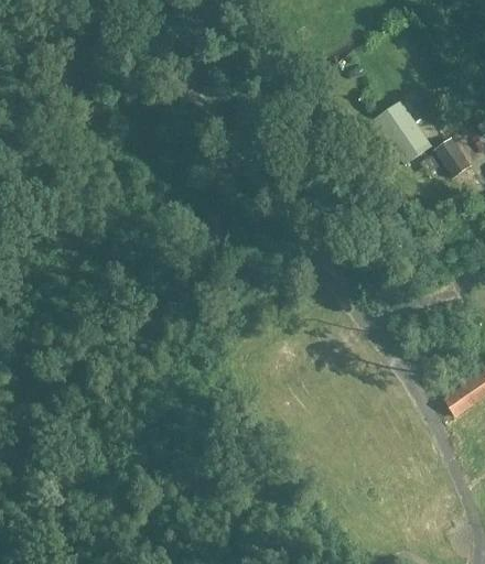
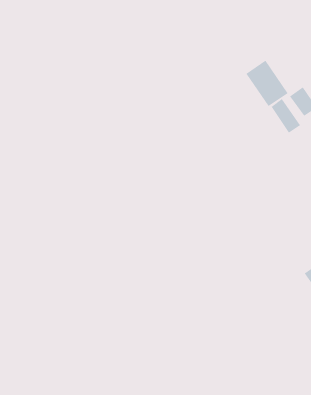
building: none -> [271,98,301,133]

